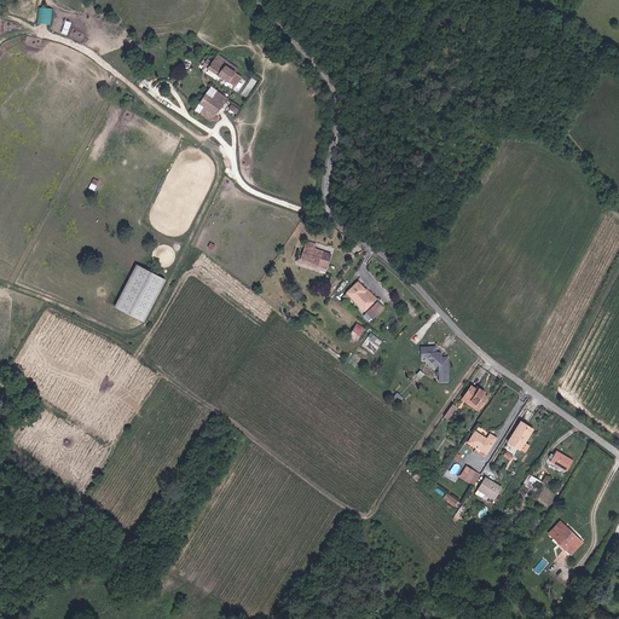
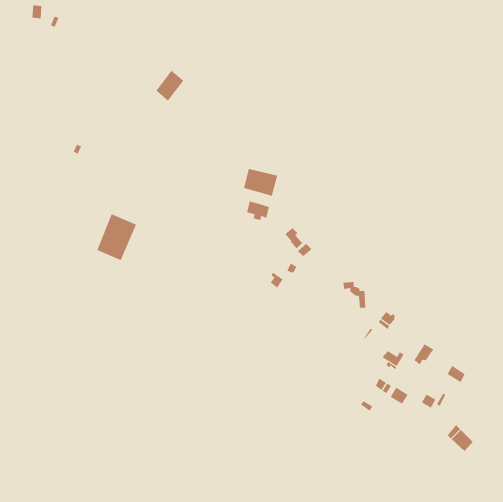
building: [204,54,241,87] -> none
building: none -> [244,168,278,196]

